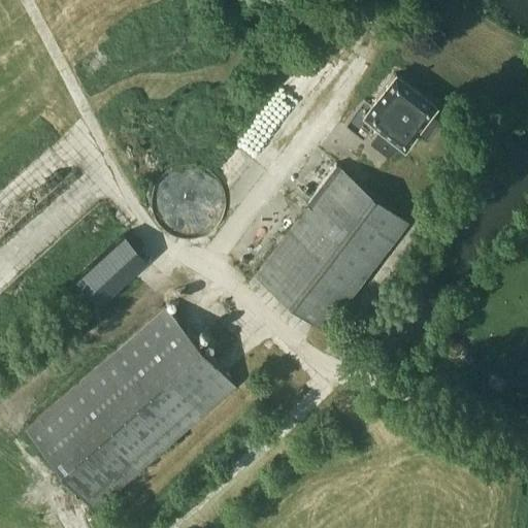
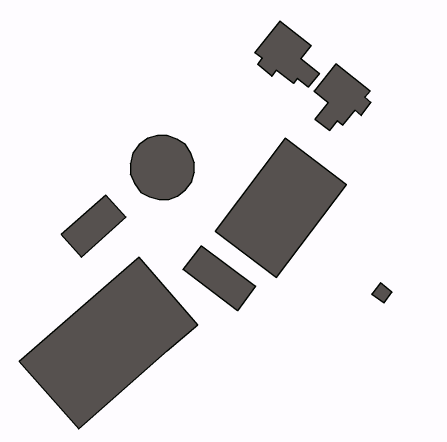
building: none -> [255,21,319,87]
building: none -> [183,246,256,311]

